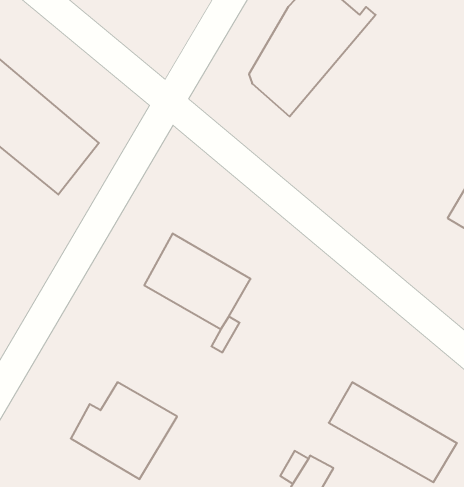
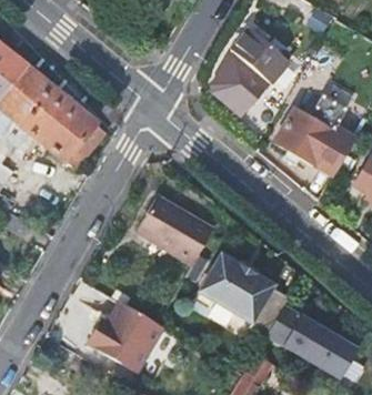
building: none -> [274,95,352,176]
building: none -> [198,254,289,337]

